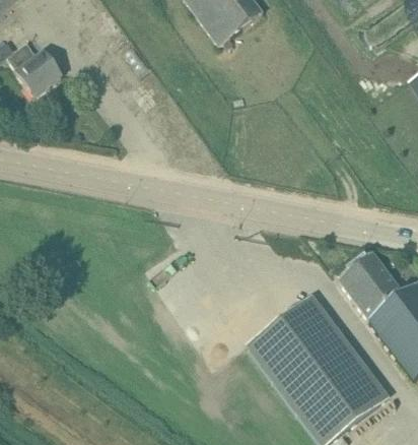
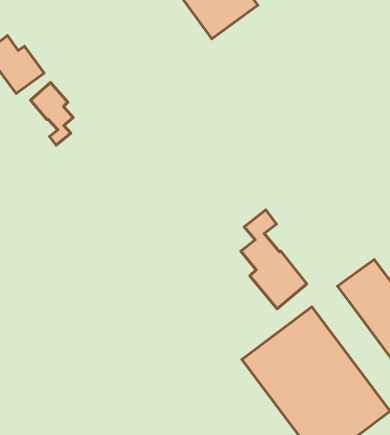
building: none -> [30,83,73,145]
building: none -> [241,210,307,309]

